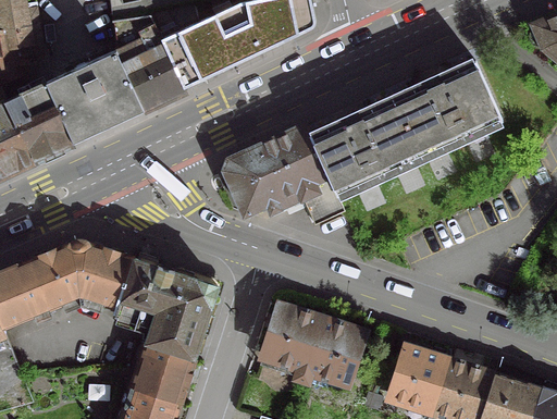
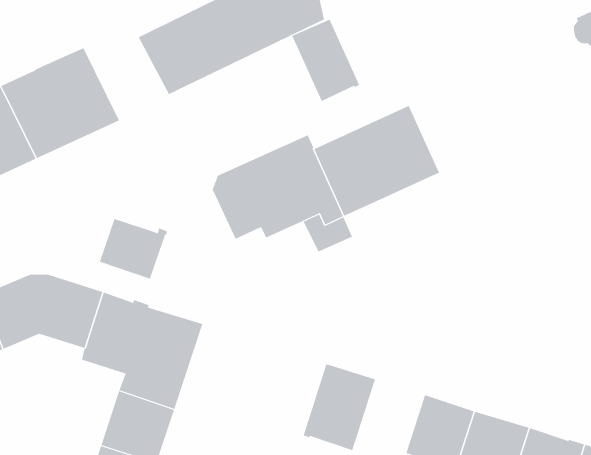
building: [110,16,186,112] -> none
building: none -> [291,19,360,102]
building: [391,62,498,157] -> none
building: none -> [99,218,168,279]
building: [260,305,320,380] -> none

